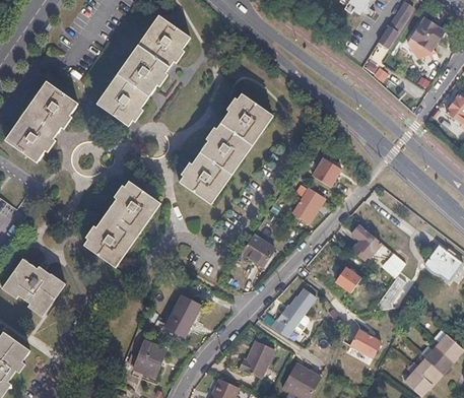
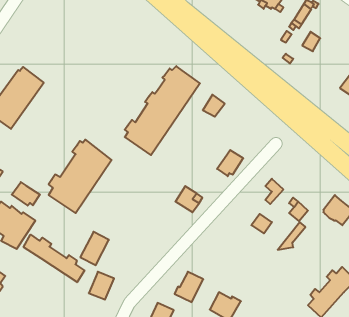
building: [97,8,189,117] -> none
building: [412,18,445,51] -> none
building: [313,161,340,189] -> [203,95,225,117]
building: none -> [12,182,40,206]
building: [271,289,316,338] -> none
building: none -> [24,235,84,282]
building: [164,296,200,338] -> [80,232,109,265]
building: [349,330,381,358] -> none

